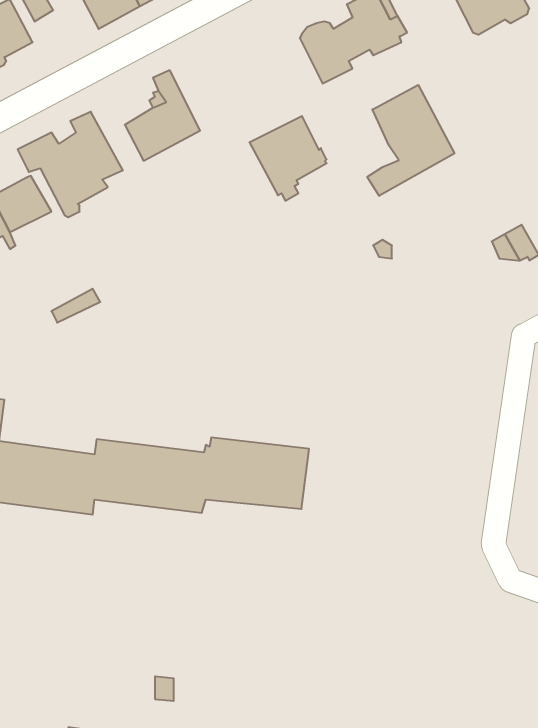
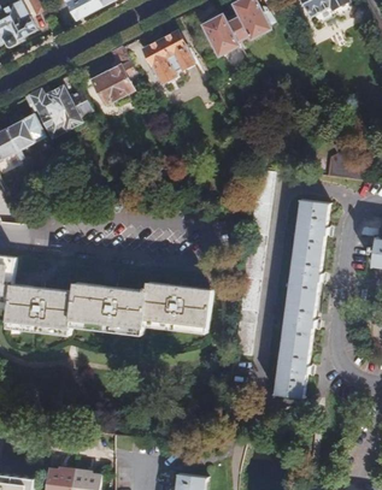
building: [367,85,454,196] -> none
building: [249,116,327,201] -> [142,33,192,87]
building: none -> [272,199,329,397]

